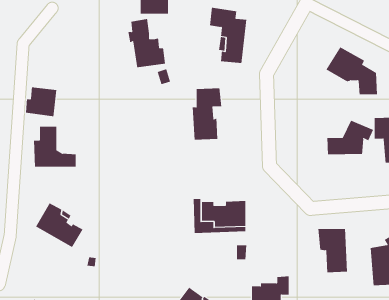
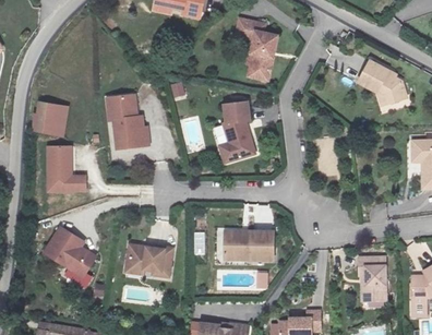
building: [128,19,166,68] -> [106,94,147,147]
building: [327,120,374,155] -> none
building: none -> [124,242,171,273]

